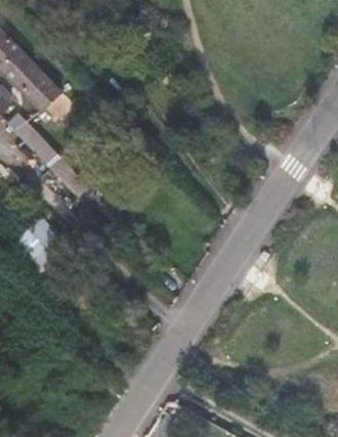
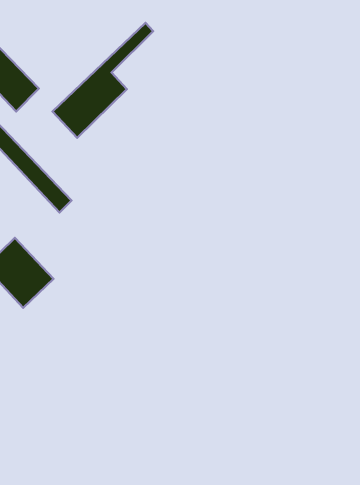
building: none -> [53,23,153,138]

